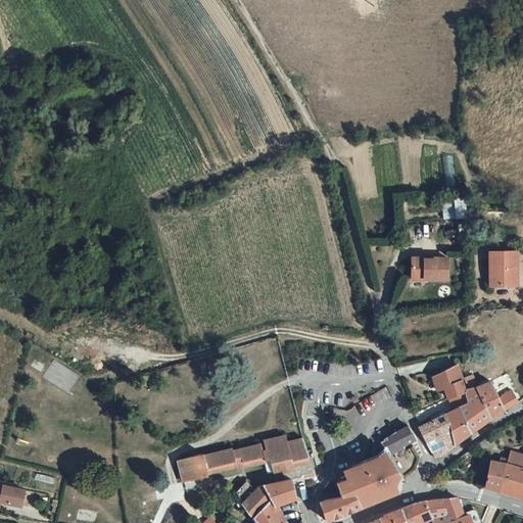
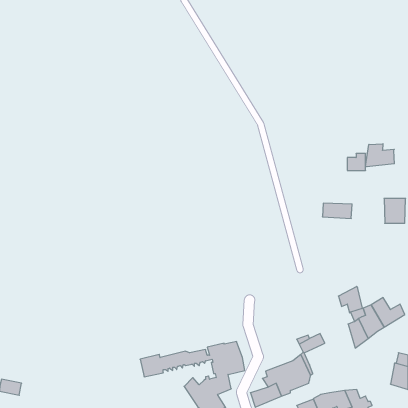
building: none -> [366,144,394,167]
building: [419,415,454,451] -> none
building: [483,460,504,491] -> none

